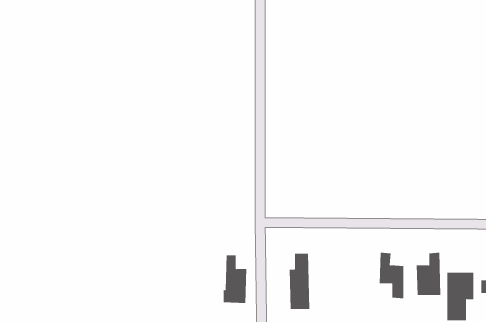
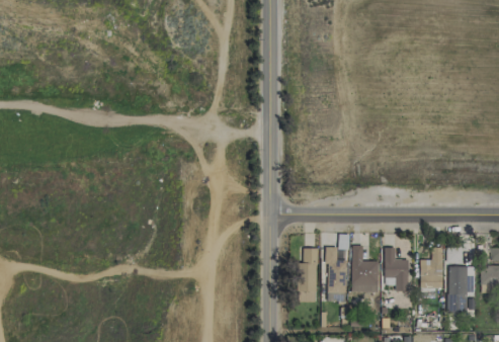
building: none -> [351,245,379,293]
building: [223,255,247,304] -> [324,247,347,293]

